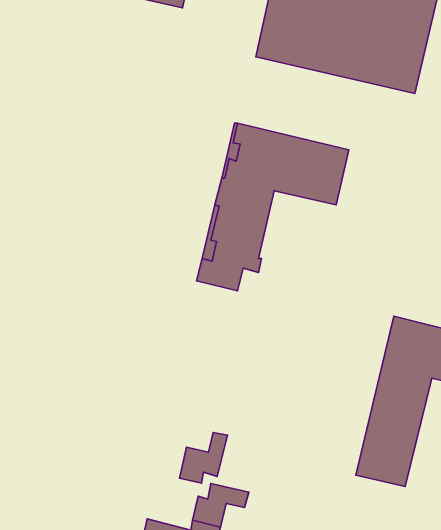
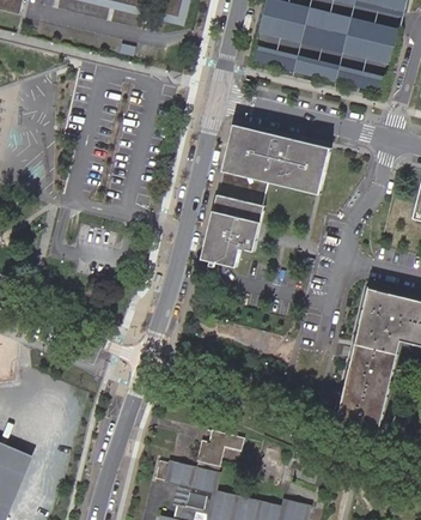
building: [180,432,227,483] -> none

